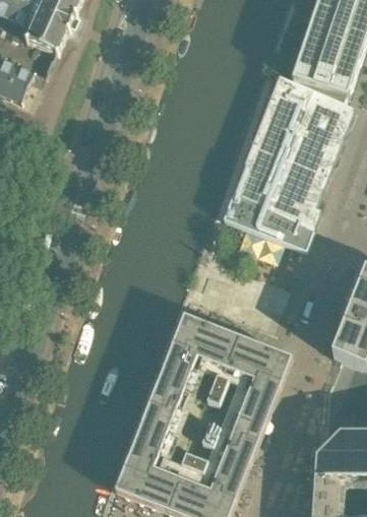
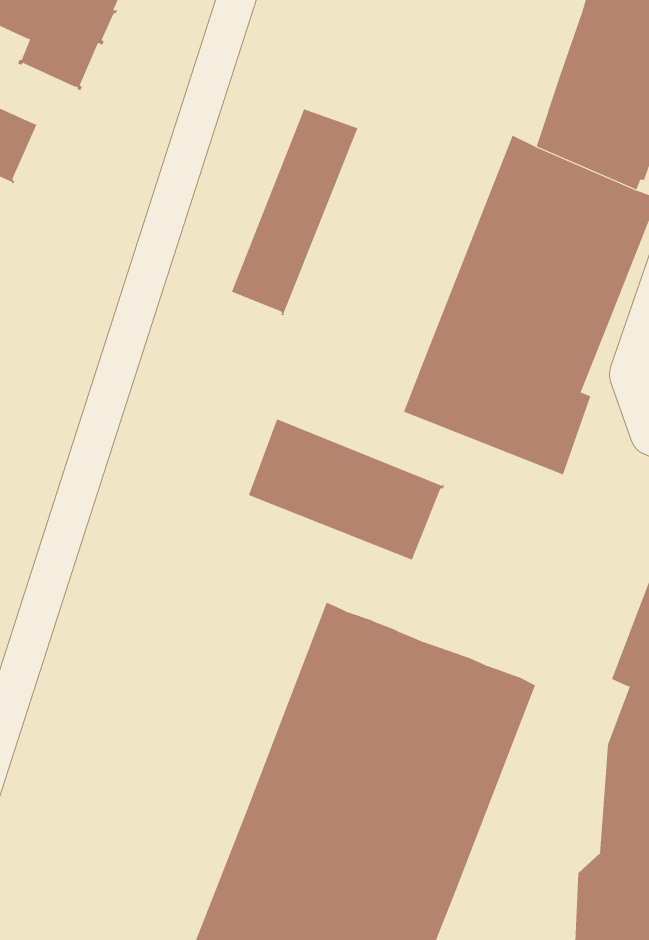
building: none -> [231,108,358,316]
building: none -> [248,419,445,560]

